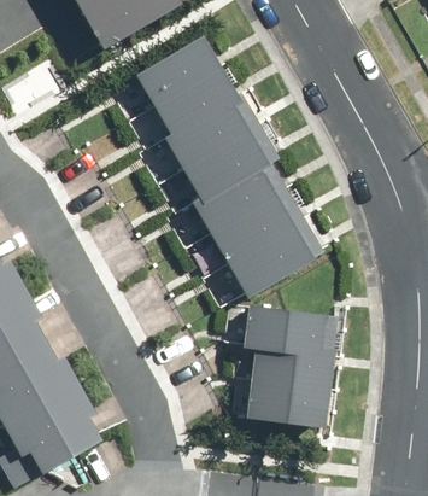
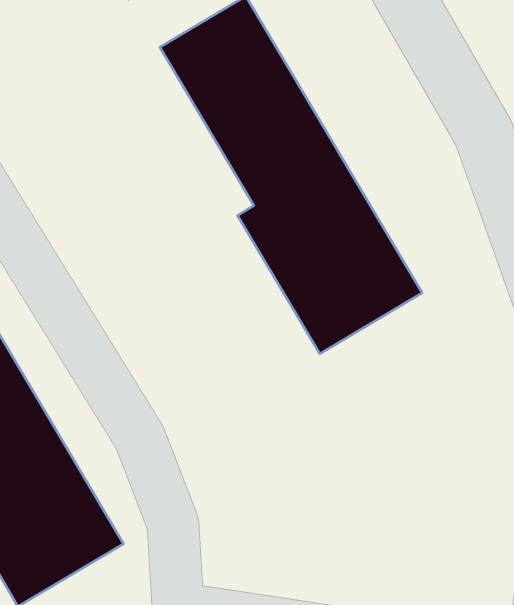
building: [231,303,333,427] -> none

